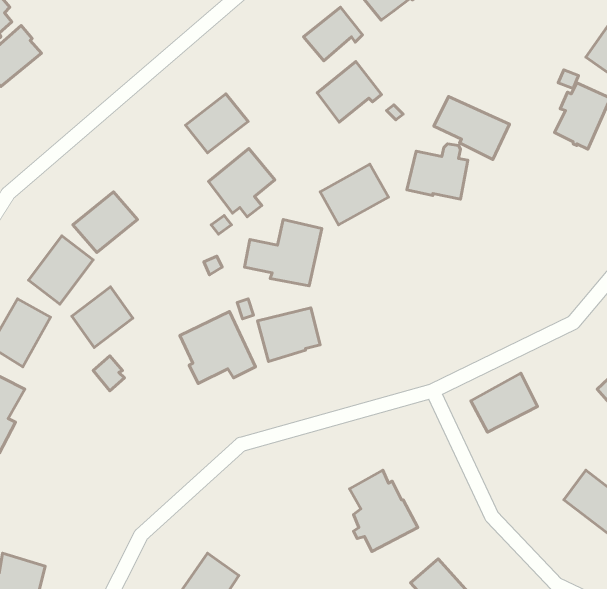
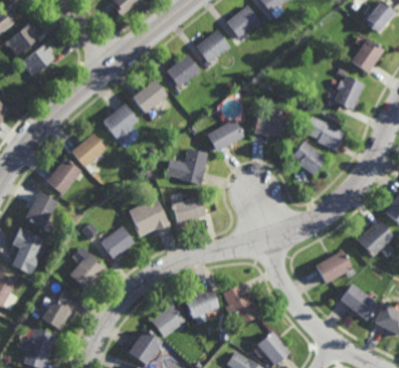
building: [317,61,382,122] -> [165,52,200,85]
building: [434,97,509,159] -> [304,115,345,149]
building: [208,148,275,217] -> [104,102,140,139]
building: none -> [292,140,326,174]
building: [72,287,133,348] -> [102,225,135,258]
building: [471,373,537,432] -> [315,250,351,283]
building: none -> [70,251,107,289]
building: none -> [184,289,218,324]
building: none -> [41,290,78,330]
building: none -> [151,304,185,338]

